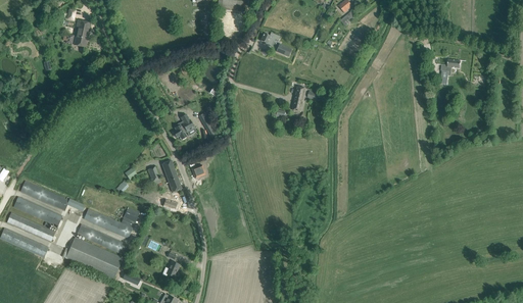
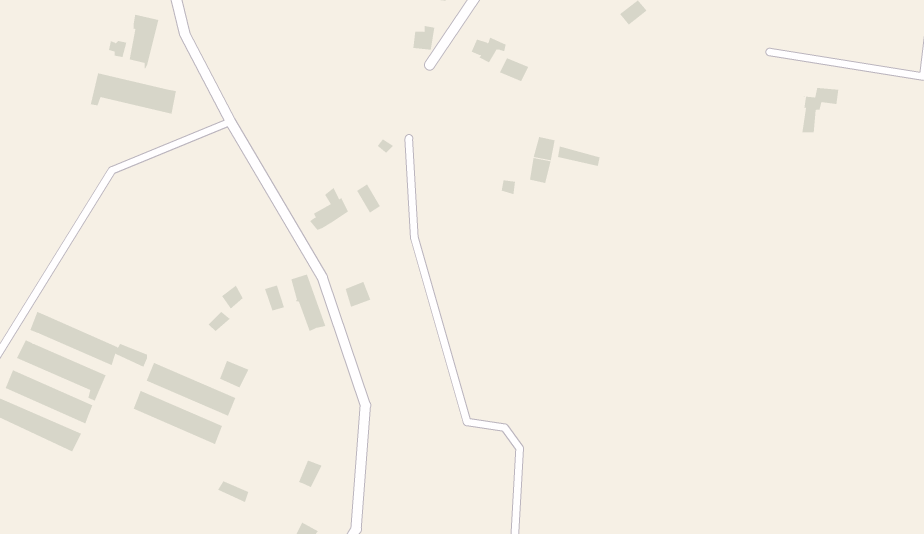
building: none -> [90,72,177,115]
building: [65,237,124,280] -> none

